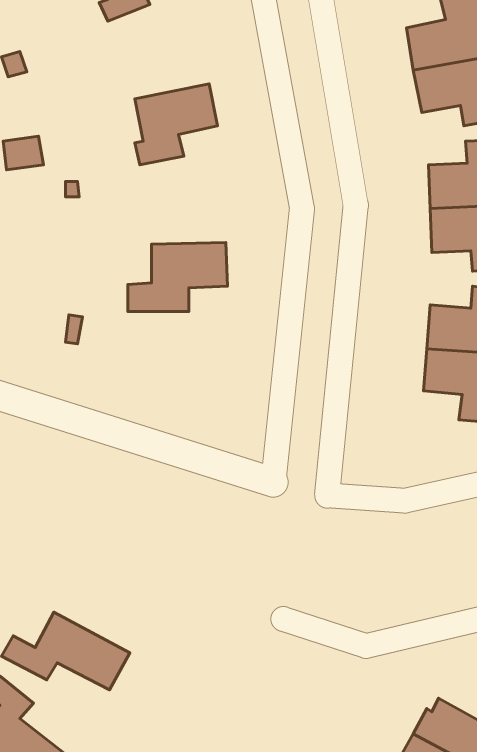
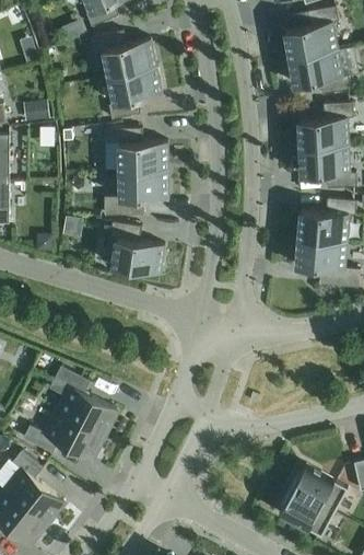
building: none -> [89,31,155,77]
building: none -> [103,129,166,171]
building: none -> [108,222,163,274]
building: none -> [47,366,117,436]

